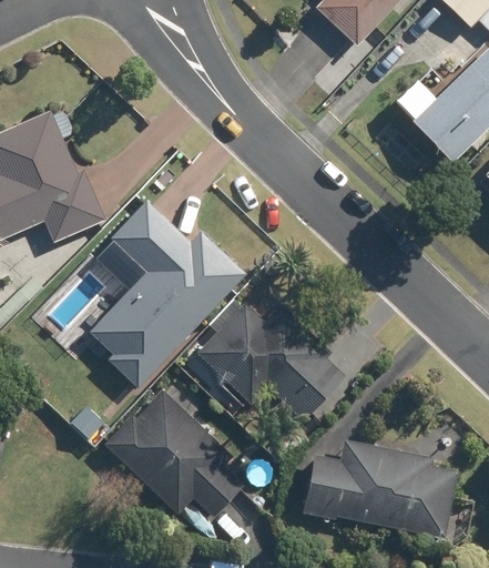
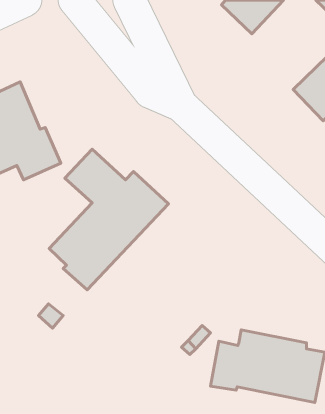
building: [200,304,346,419] -> none
building: [105,389,244,516] -> none

